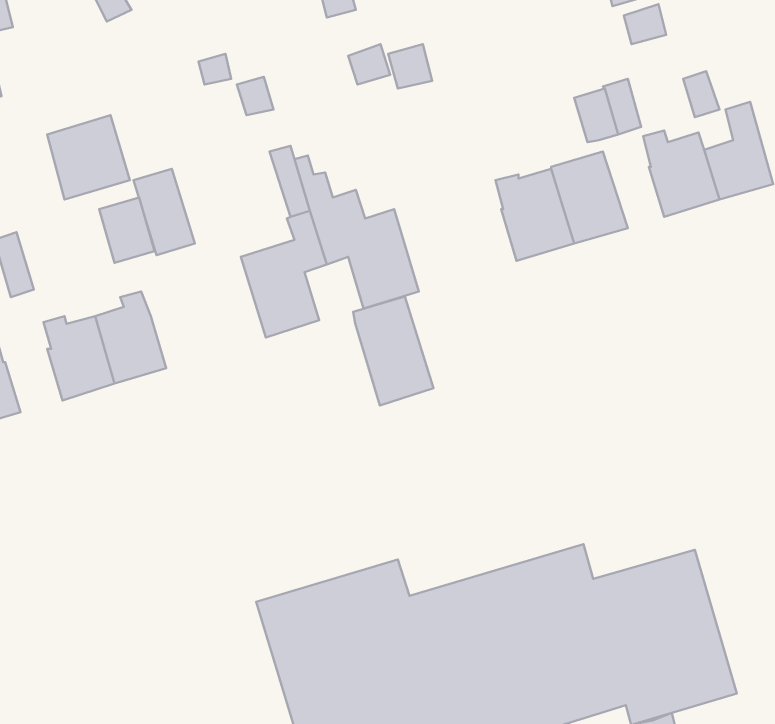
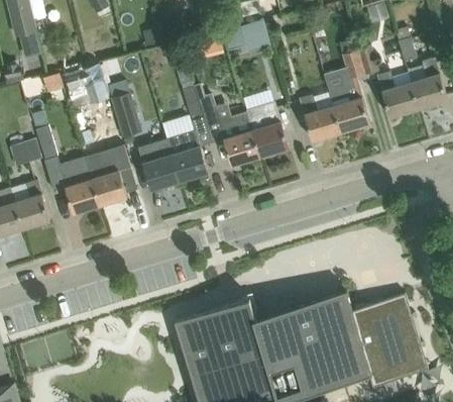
building: none -> [138,138,179,190]
building: [353,296,434,406] -> [245,99,288,157]

